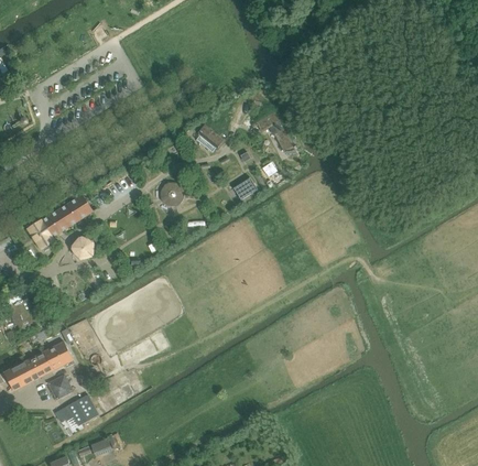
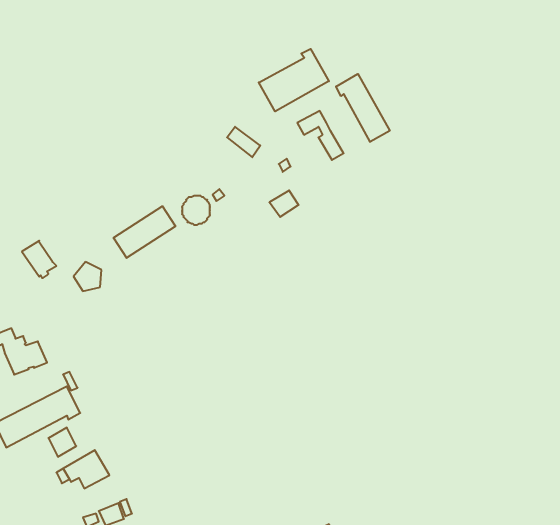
building: none -> [259,49,329,111]
building: none -> [336,74,390,142]
building: [41,194,93,237] -> [113,206,176,258]

